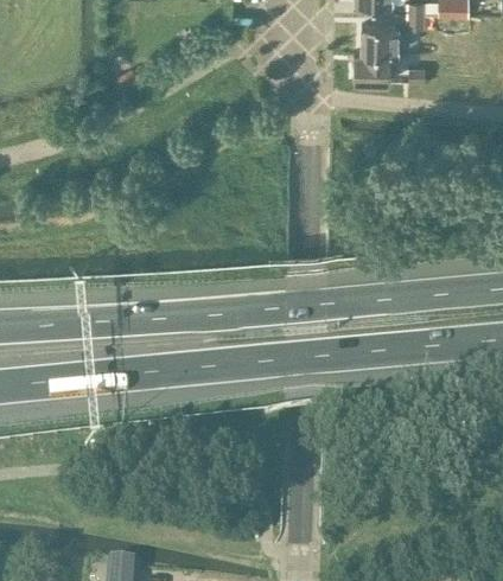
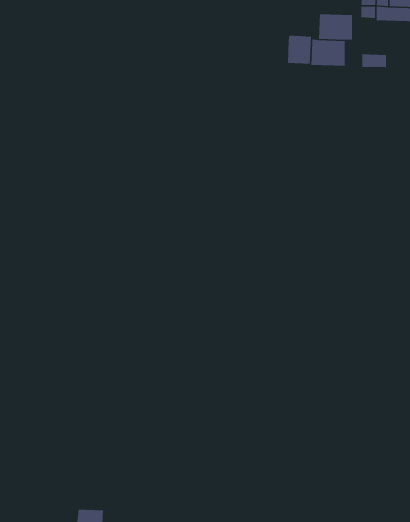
building: none -> [287,35,312,64]

